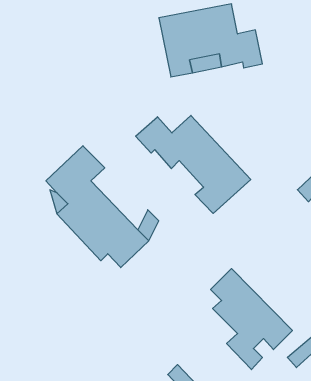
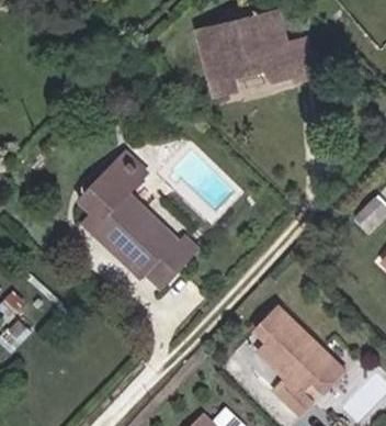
building: [136,115,251,213] -> none

